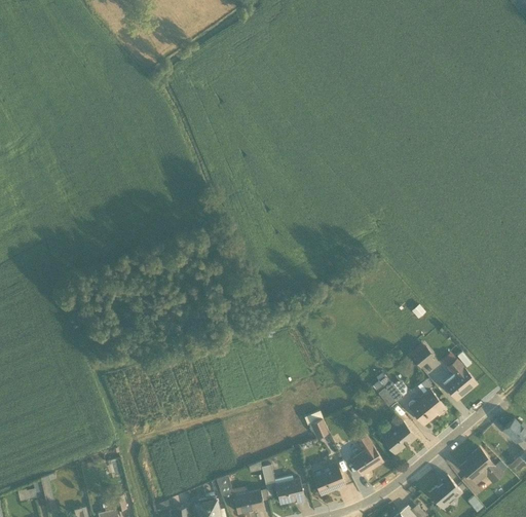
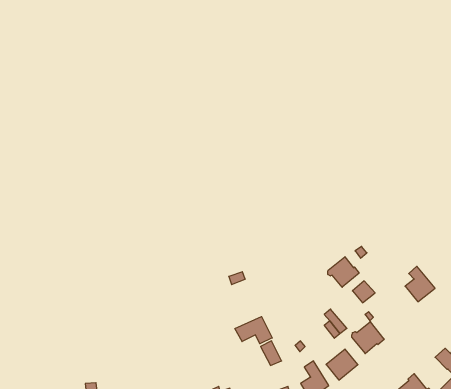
building: none -> [328,257,359,287]
building: [441,359,475,399] -> [405,266,435,302]
building: none -> [235,317,272,344]

